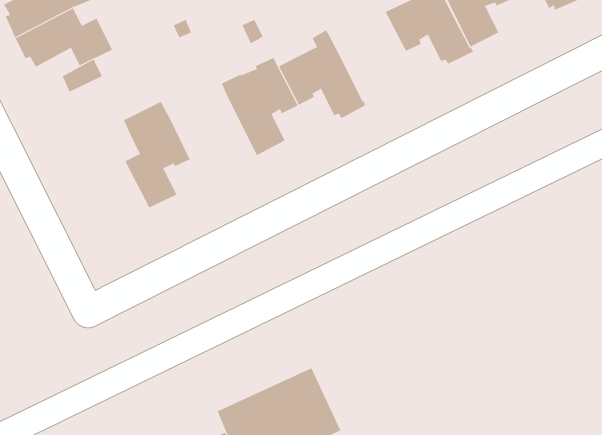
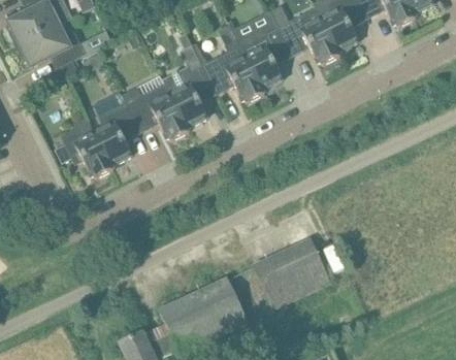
building: none -> [246,25,292,88]
building: none -> [124,83,189,138]
building: none -> [55,114,113,175]
building: none -> [254,236,330,305]

